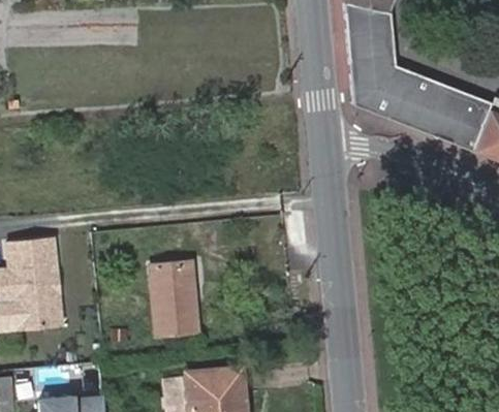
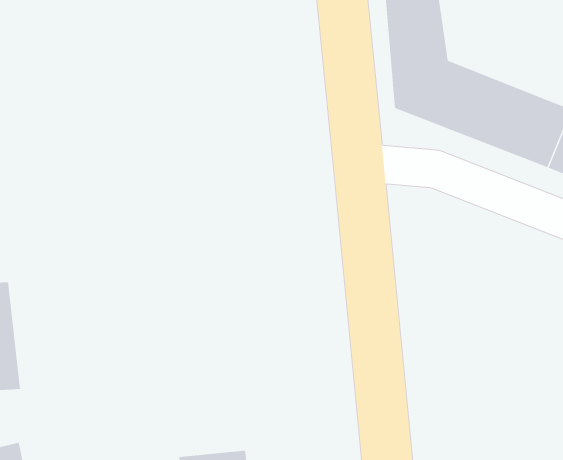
building: [151,263,196,336] -> none

